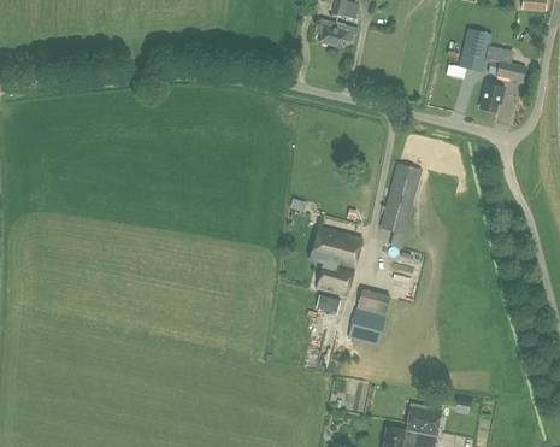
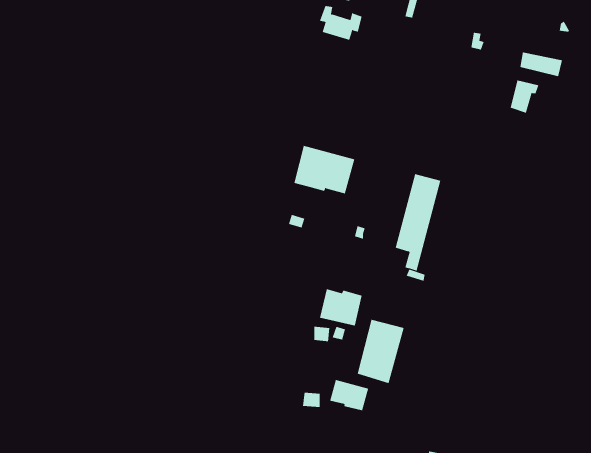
building: [460,29,491,72] -> none
building: [310,227,362,269] -> [294,145,355,194]
building: none -> [330,379,369,411]

